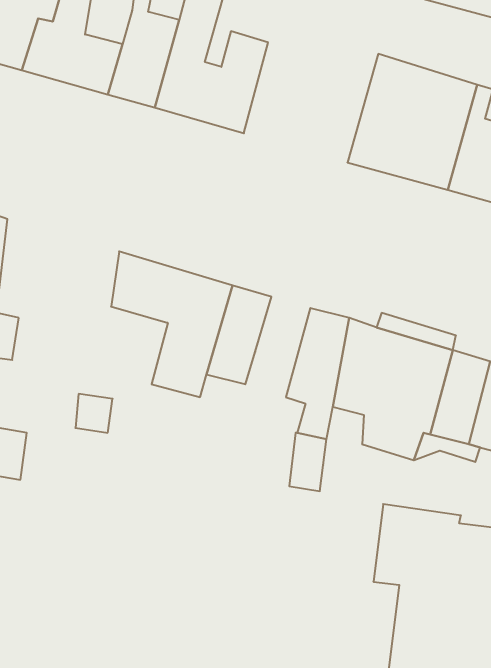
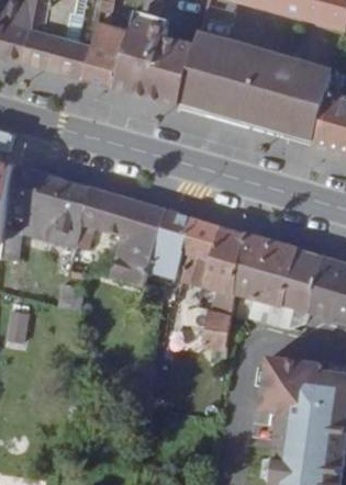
building: none -> [178,33,265,126]
building: none -> [15,167,89,246]
building: none -> [181,217,219,285]

